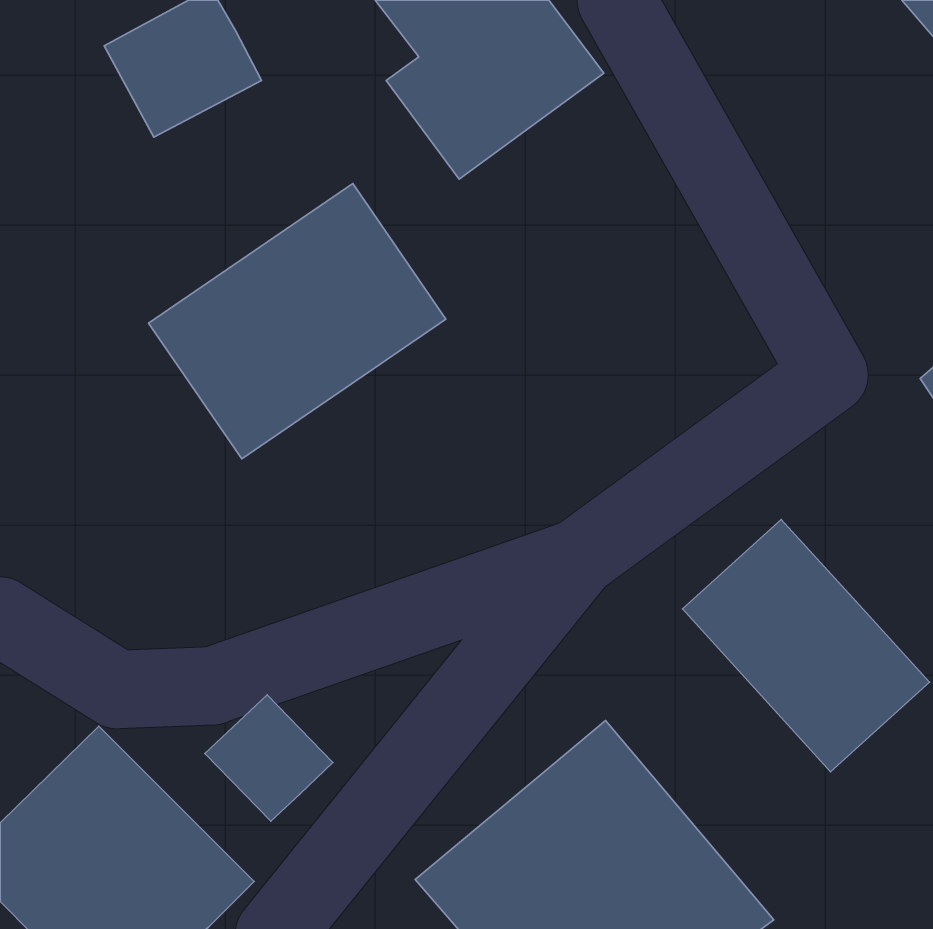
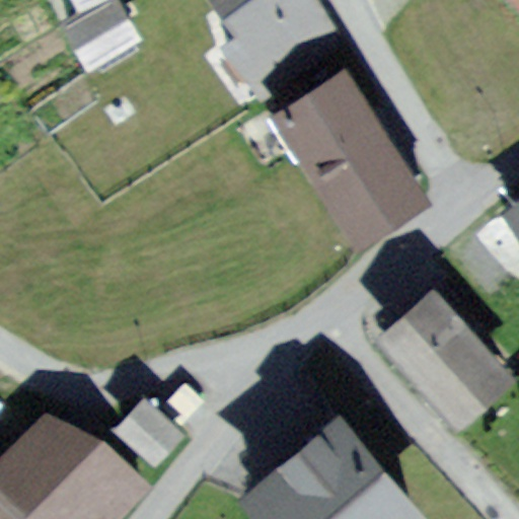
building: none -> [267,62,431,245]
building: [149,183,446,459] -> none

